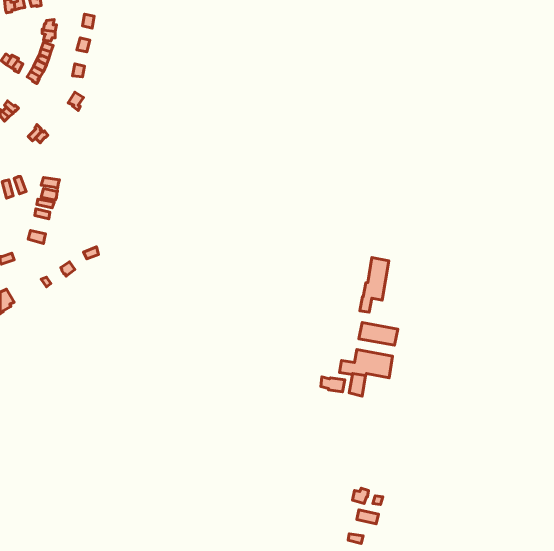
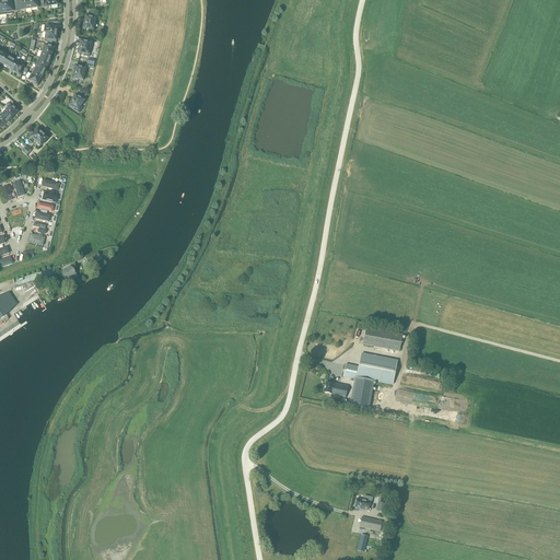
building: [360,257,389,312] -> none

